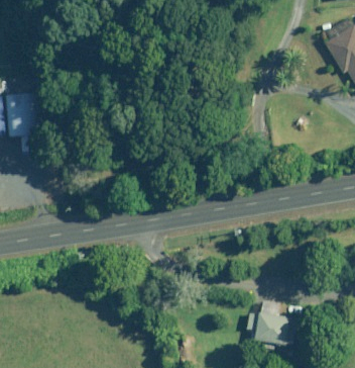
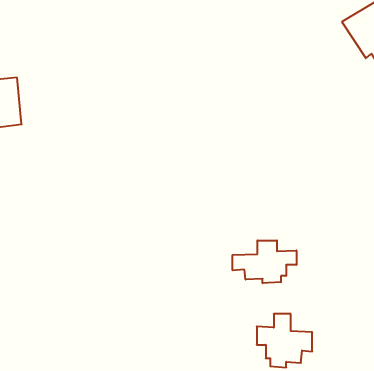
building: none -> [233,240,296,283]

